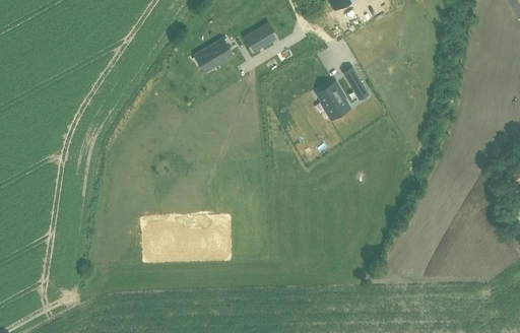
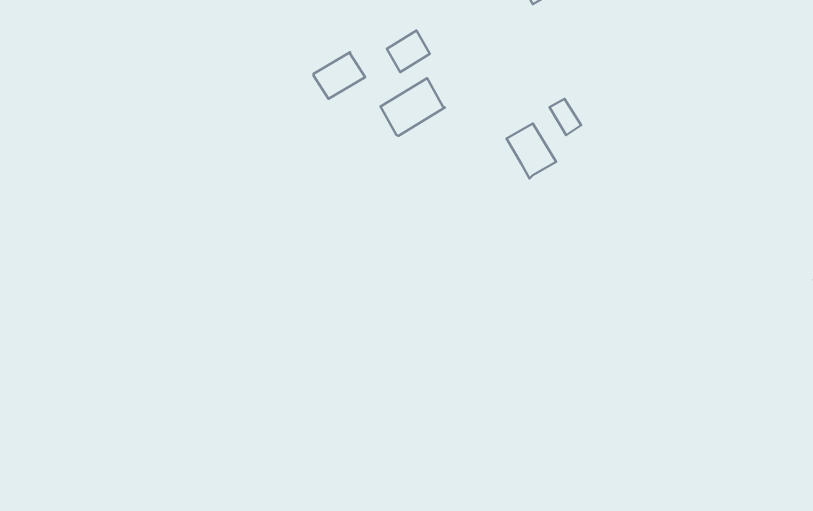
building: none -> [381,78,445,136]

